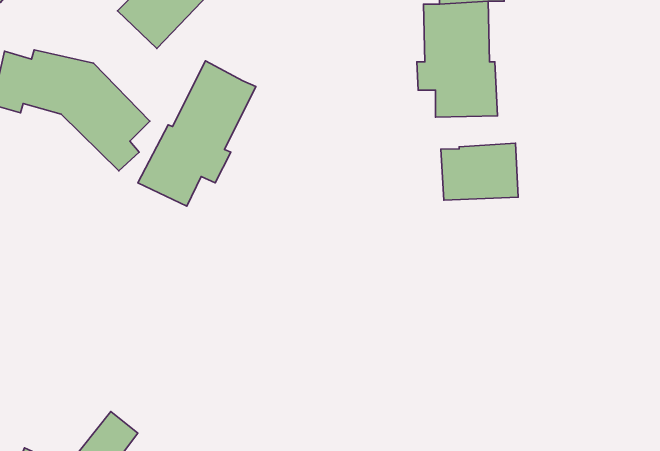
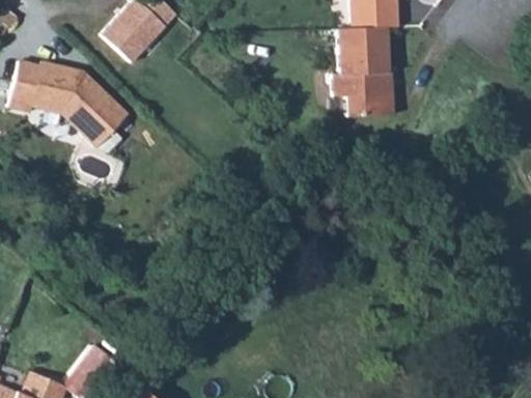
building: [138,61,256,206] -> none
building: [441,143,518,200] -> none

